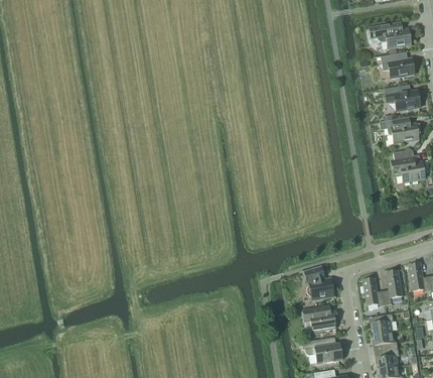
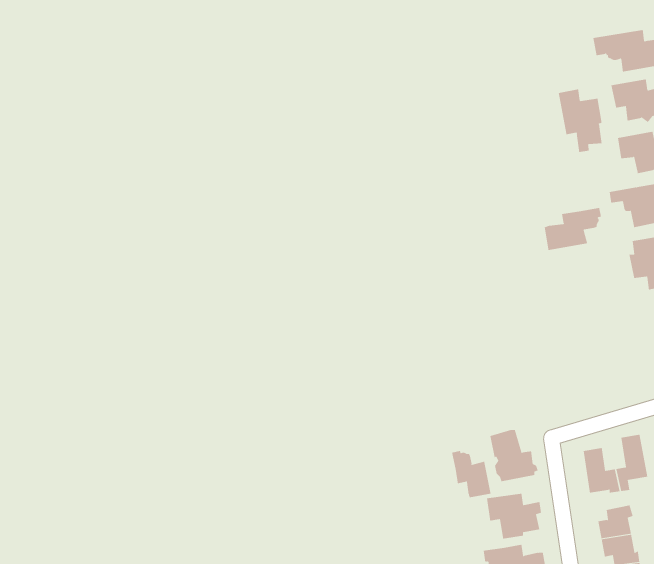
building: none -> [558,89,602,153]
building: none -> [544,207,601,251]
building: none -> [451,450,491,498]

